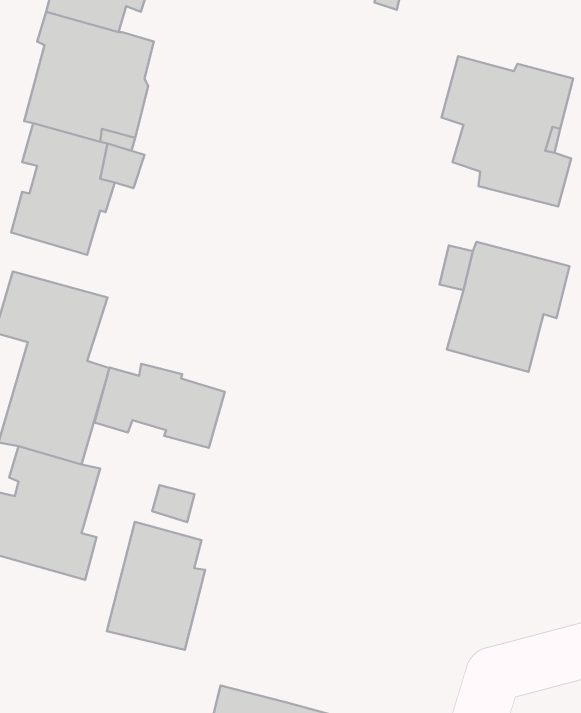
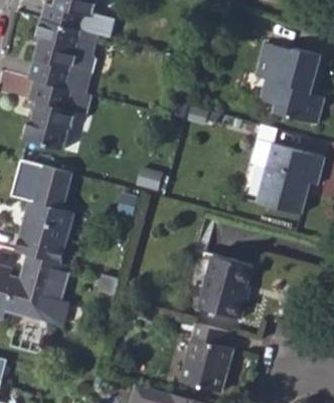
building: [94,364,225,448] -> none
building: none -> [199,253,252,317]
building: [107,522,205,650] -> [180,321,233,390]

